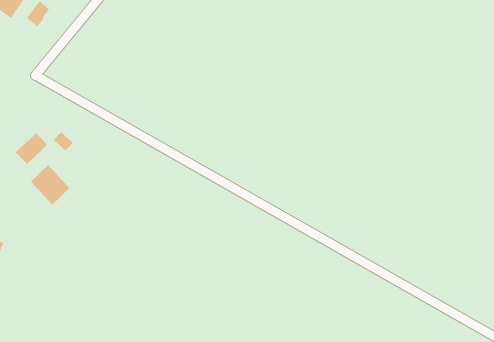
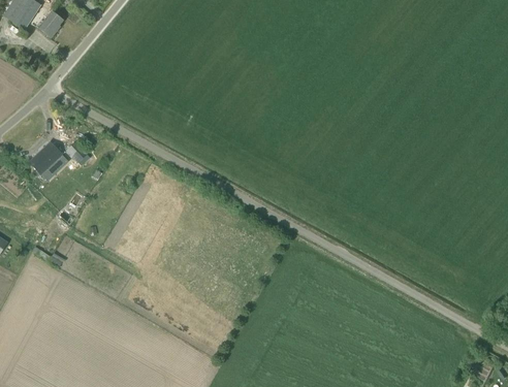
building: [30,164,70,205] -> none

